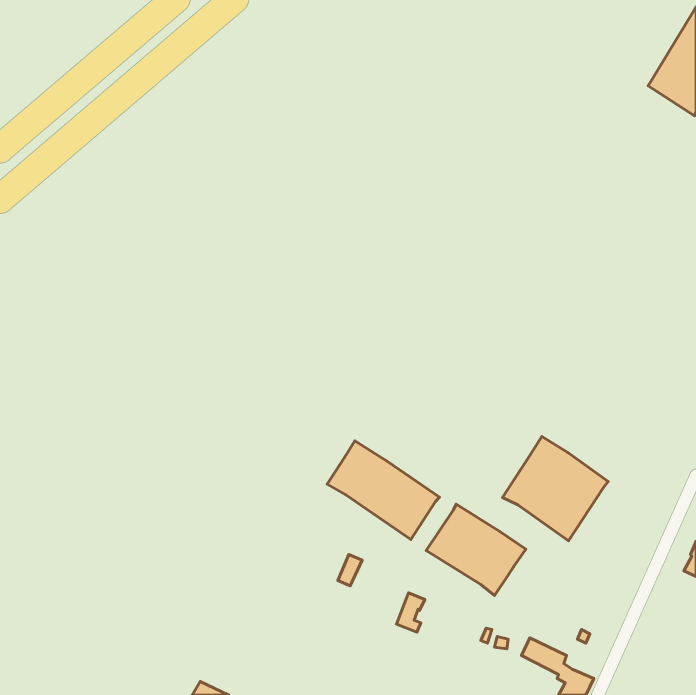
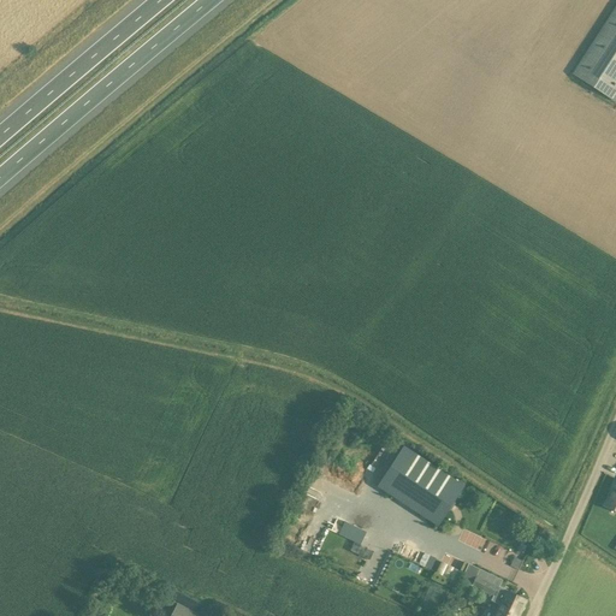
building: [503,436,608,541] -> none
building: [327,441,439,540] -> none

